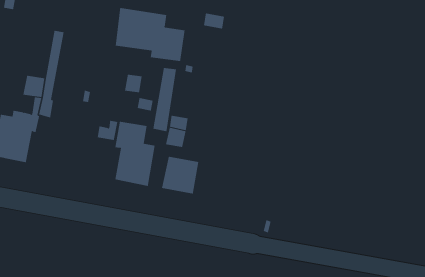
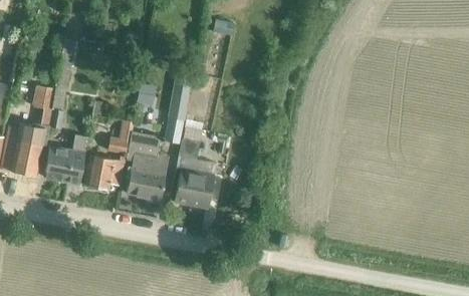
building: [115,7,185,62] -> none
building: none -> [43,134,86,184]
building: none -> [83,155,125,189]

